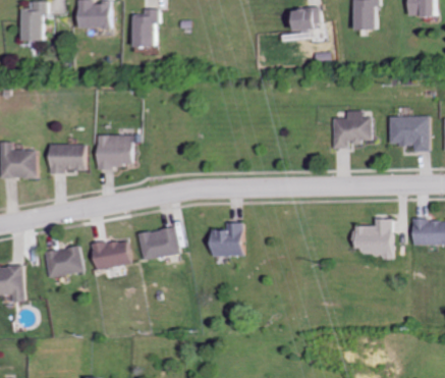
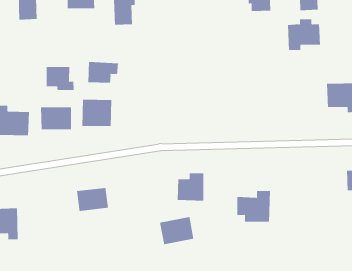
building: none -> [88,61,118,83]
building: none -> [46,66,74,91]
building: [329,111,369,149] -> [287,19,321,50]
building: [351,219,392,257] -> [236,190,271,222]
building: [136,227,178,261] -> [159,217,194,245]
building: [41,247,81,278] -> none

